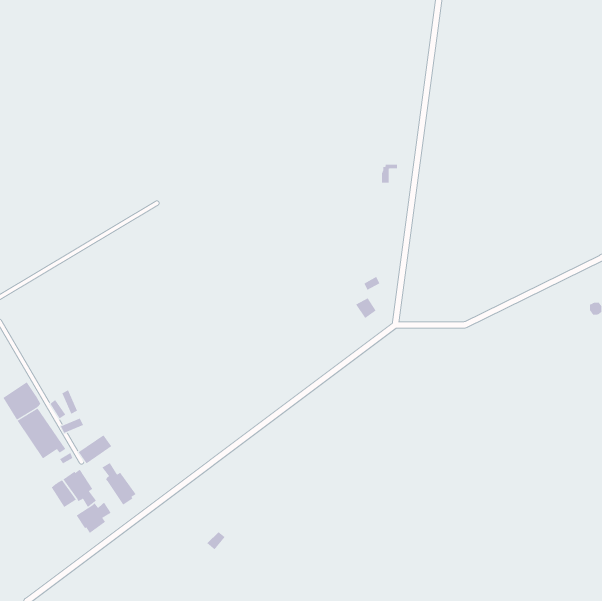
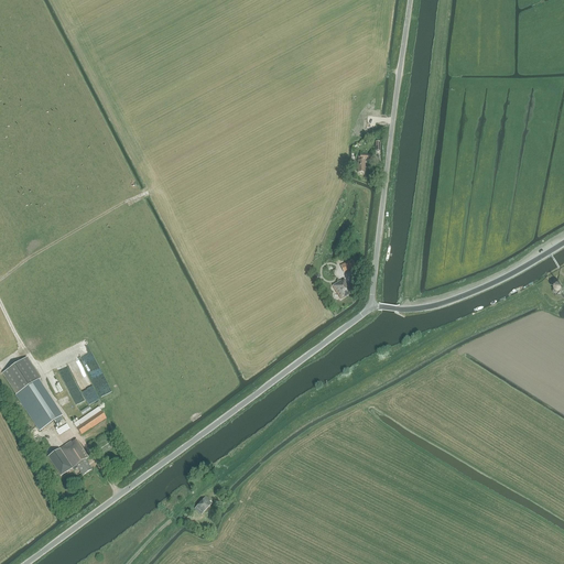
building: [101,462,136,505] -> none
building: [76,502,111,534] -> none

